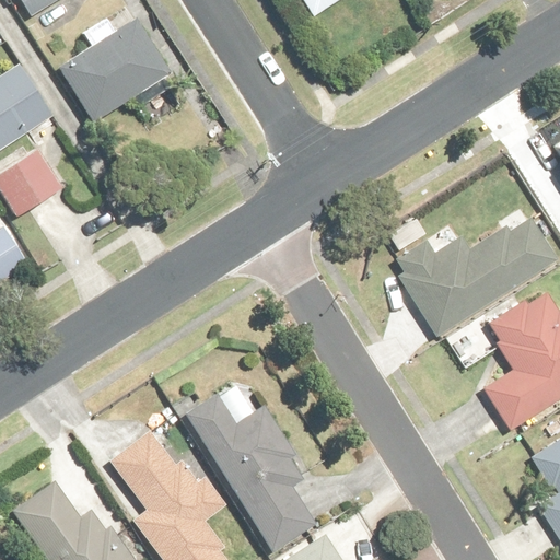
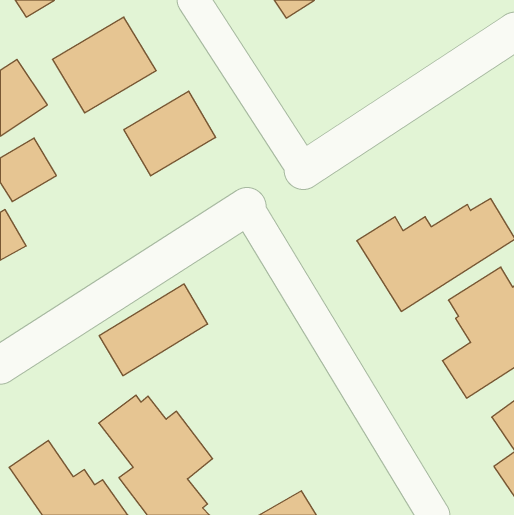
building: none -> [124,91,216,176]
building: none -> [99,284,208,376]
building: [184,380,315,552] -> none

